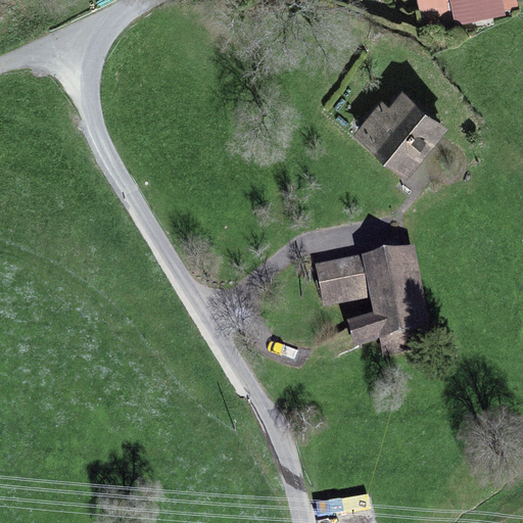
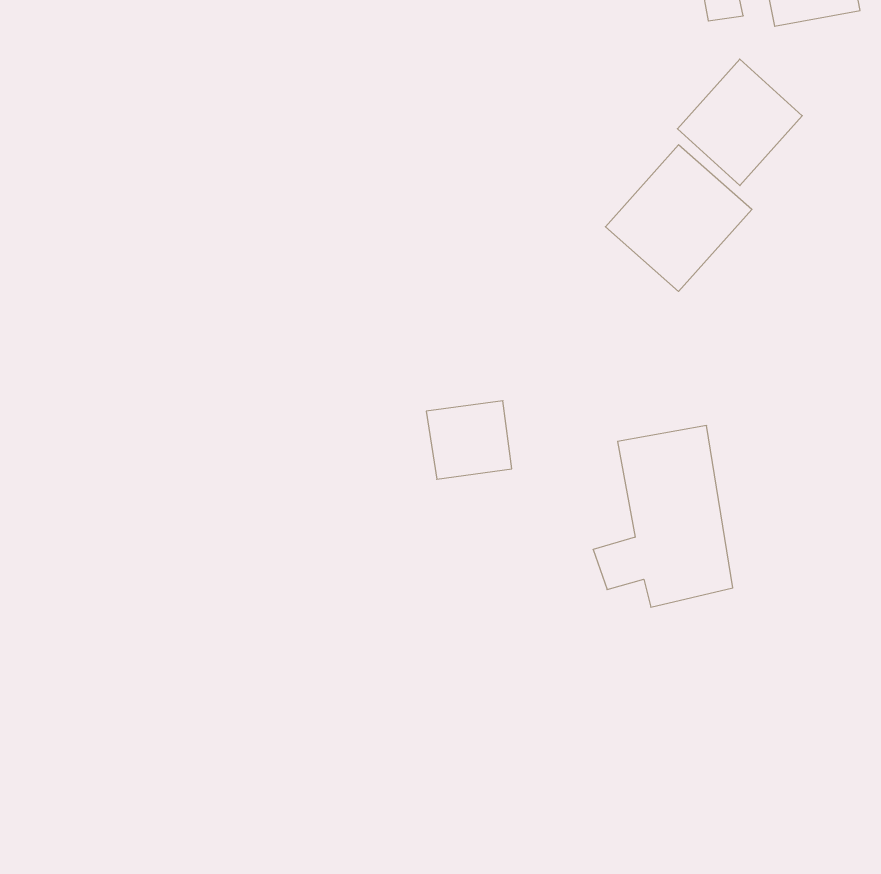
building: none -> [677,59,802,186]
building: [312,258,362,304] -> [426,401,512,479]

